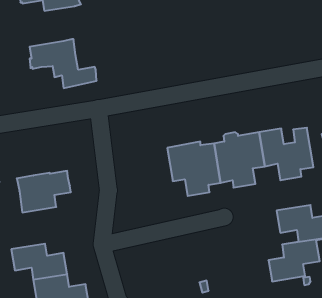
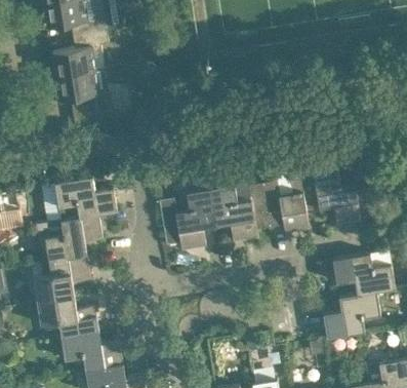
building: none -> [50,31,109,76]
building: none -> [54,177,117,220]
building: none -> [159,189,216,250]
building: none -> [33,255,90,302]

